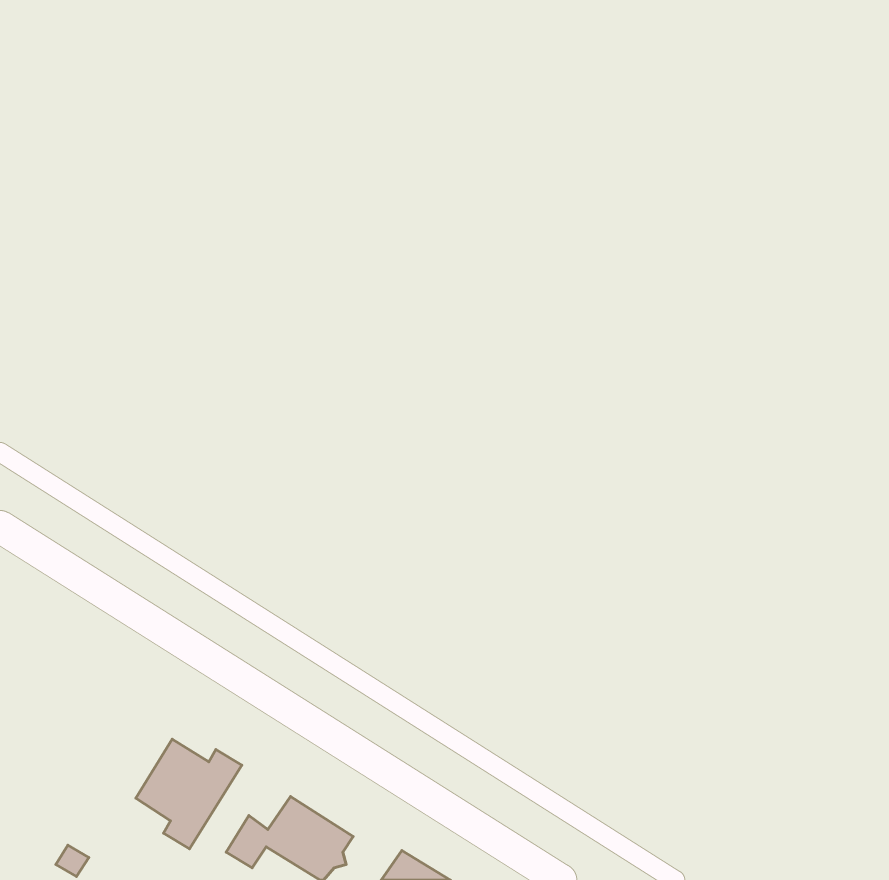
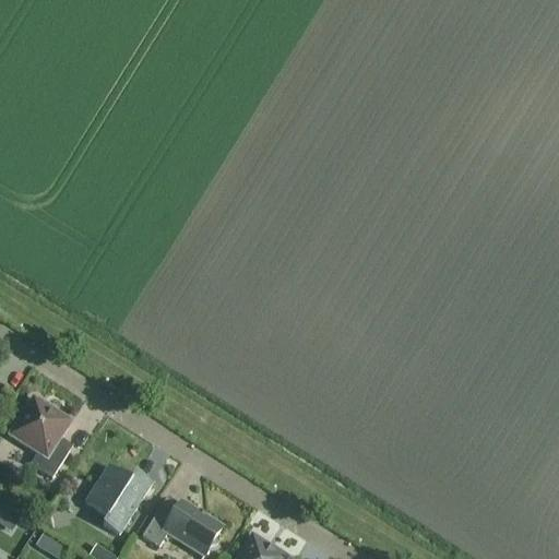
building: none -> [9,395,71,476]

